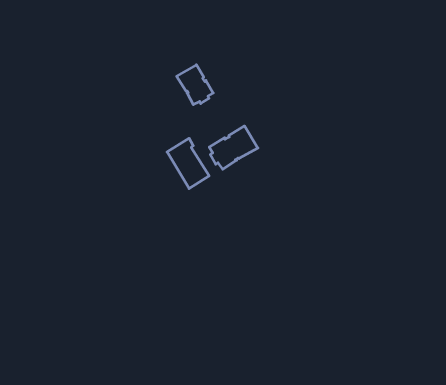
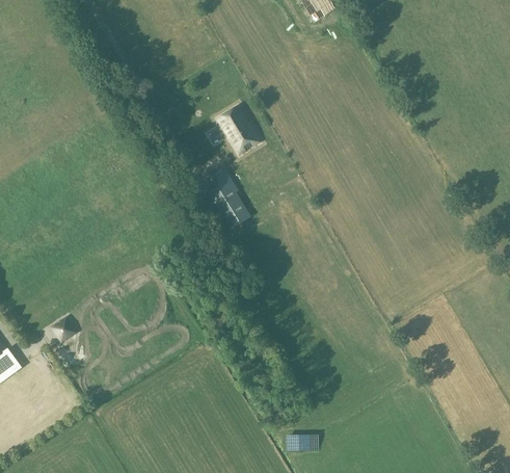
building: [209,126,258,169] -> none

